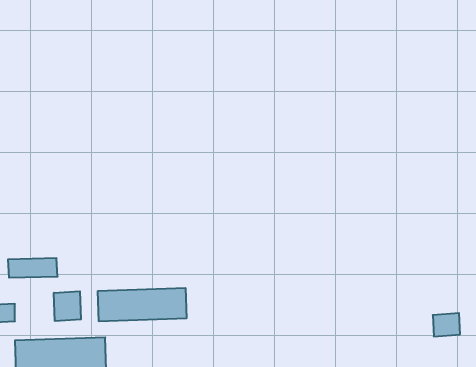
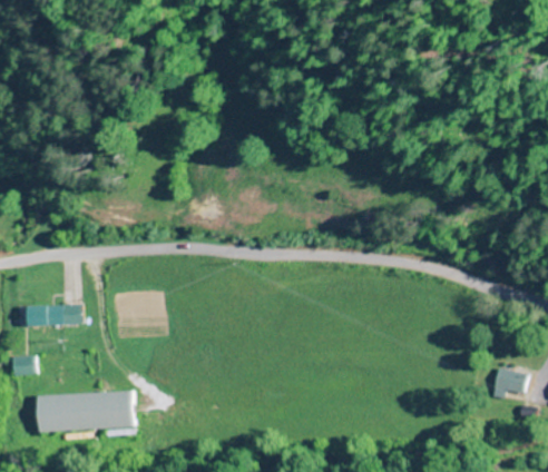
building: [98,288,186,321] -> none
building: [54,291,81,321] -> none

